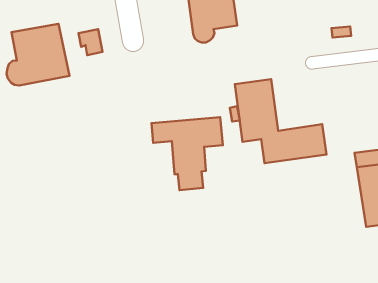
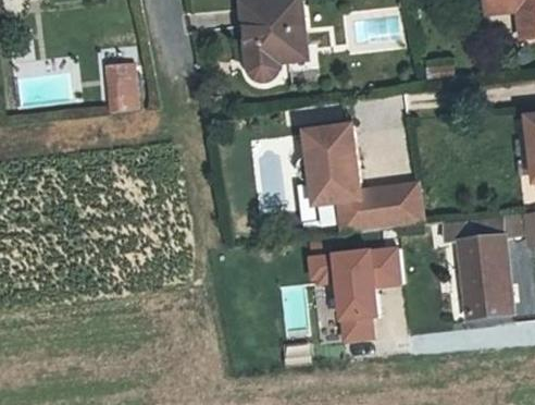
building: [6,24,69,85] -> none
building: [152,117,223,190] -> [308,242,399,335]

